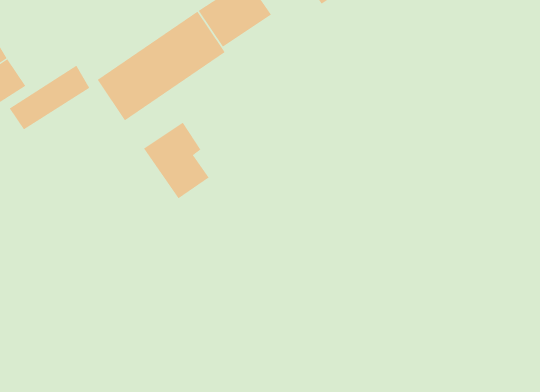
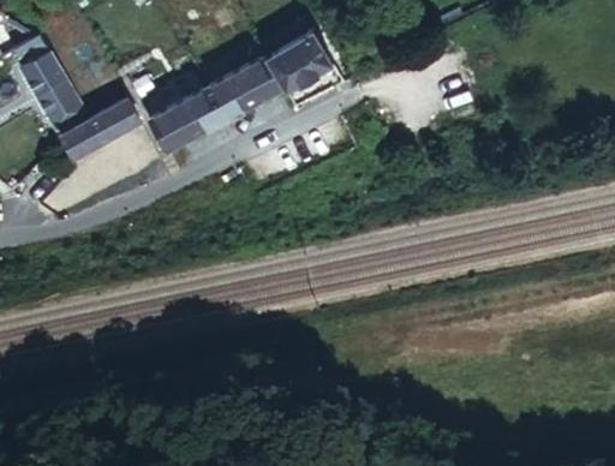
building: [143,122,209,199] -> none

